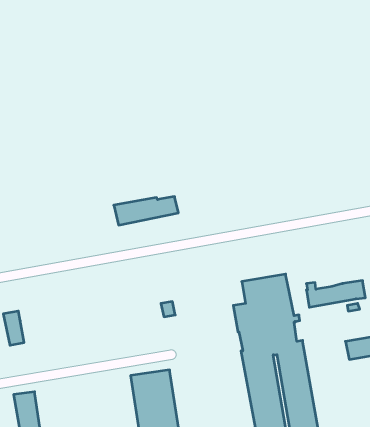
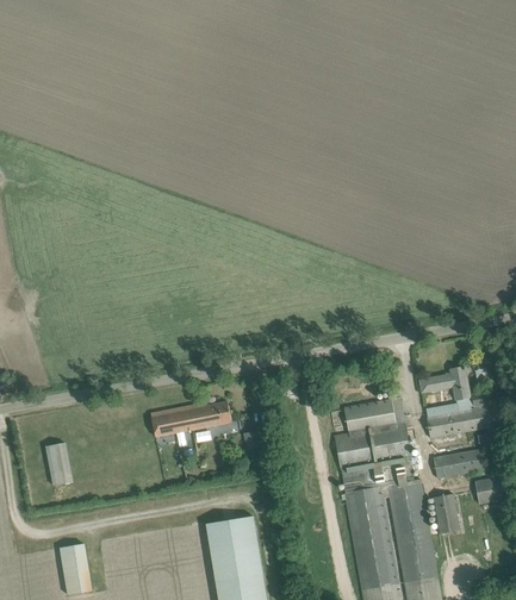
building: [114,197,178,225] -> [150,402,231,438]
building: none -> [419,368,486,412]
building: none -> [433,449,484,482]
building: none -> [433,494,460,535]

